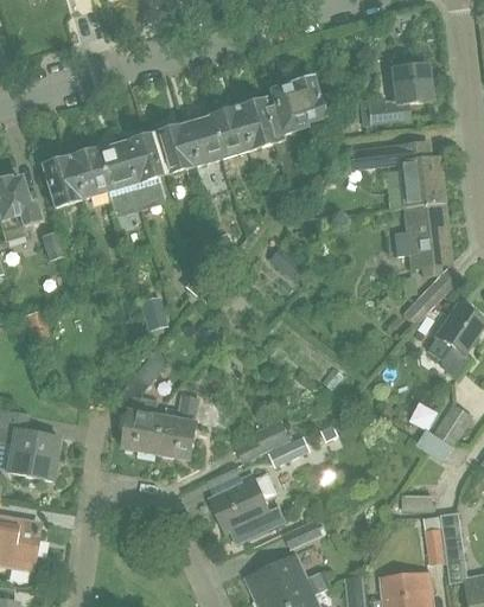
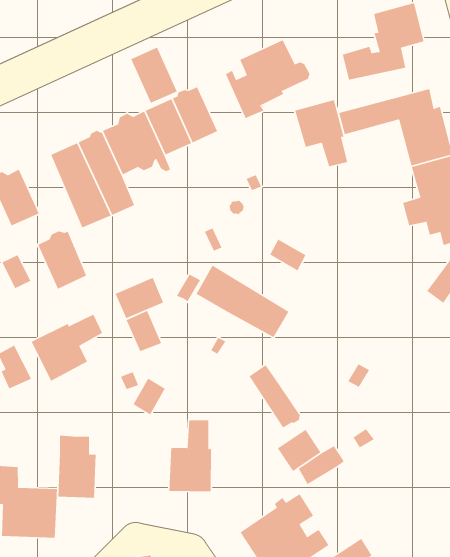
building: [230,102,267,151] -> [130,46,178,104]
building: none -> [294,99,348,167]
building: [66,148,106,199] -> [37,230,87,290]
building: none -> [195,265,290,338]
building: none -> [115,277,164,319]
building: none -> [31,314,103,382]
building: none -> [248,364,302,429]
building: [122,395,161,454] -> [57,435,97,498]

